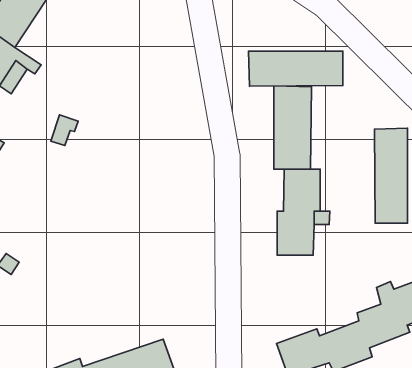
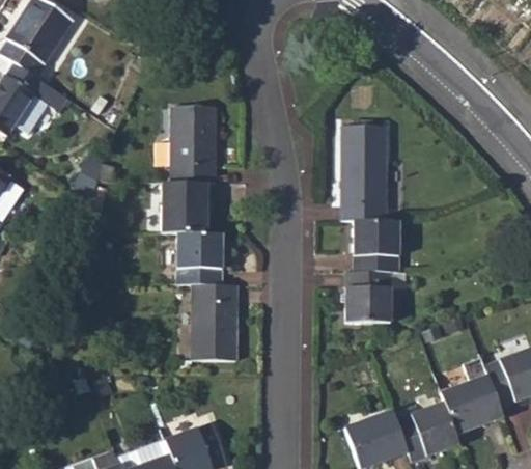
building: [248,51,343,86] -> none
building: none -> [163,107,236,359]
building: [374,128,408,223] -> none

